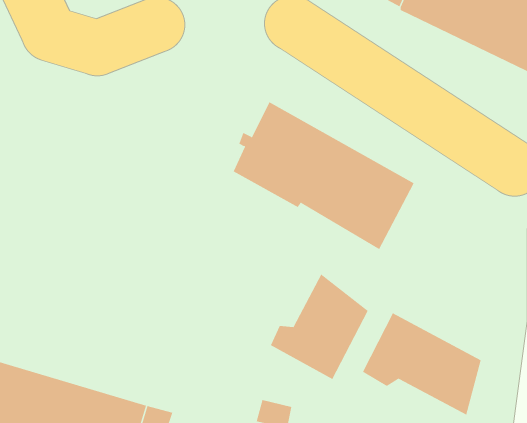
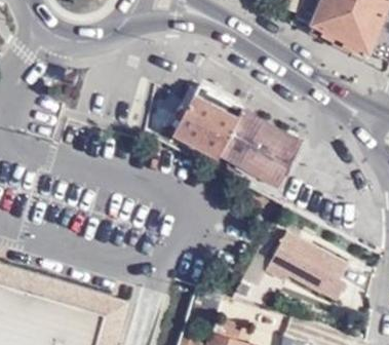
building: [270,273,368,380] -> none

